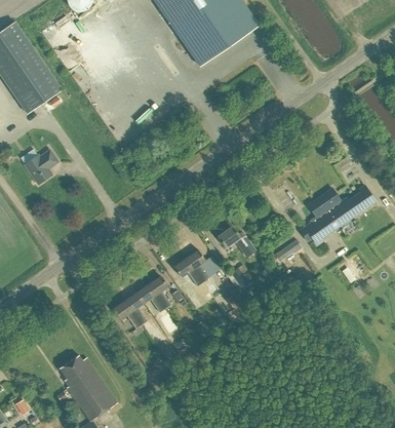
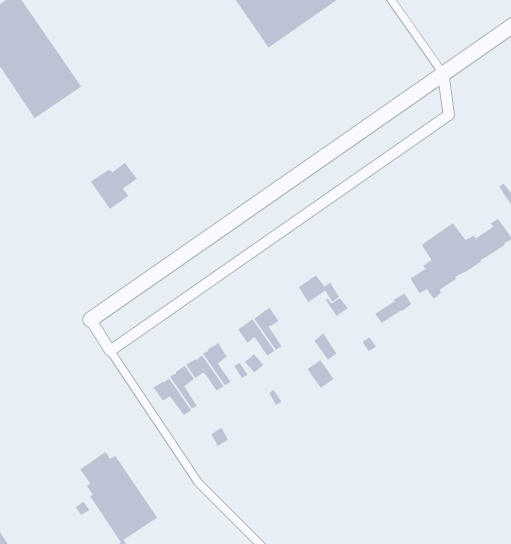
building: [24,150,58,185] -> [90,162,138,210]

